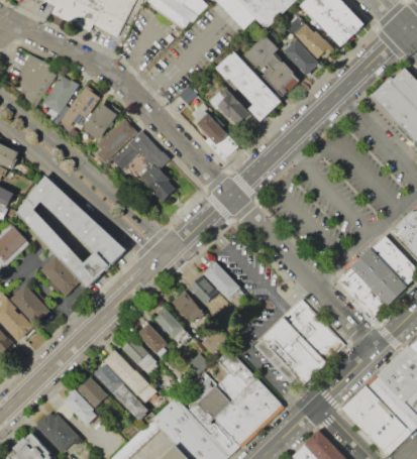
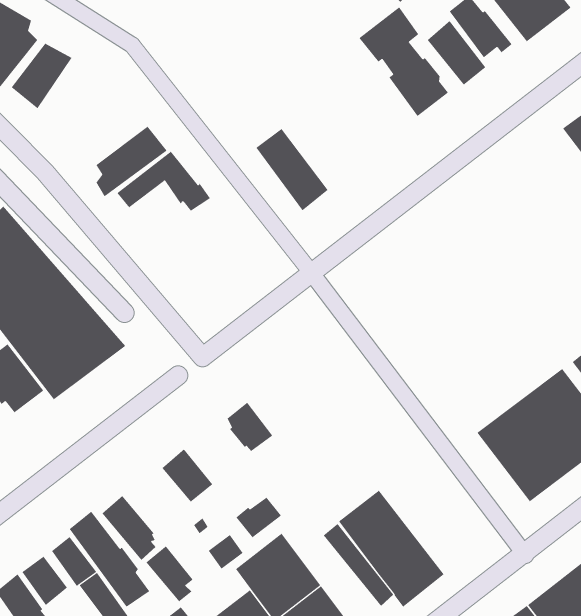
building: [215,49,282,120] -> none
building: [61,88,100,127] -> none
building: [211,95,244,128] -> none
building: [84,103,119,139] -> none
building: [136,166,172,198] -> none
building: [204,261,242,297] -> none
building: [173,291,203,322] -> none
building: [284,300,346,363] -> none
building: [137,324,167,356] -> [145,546,193,602]

